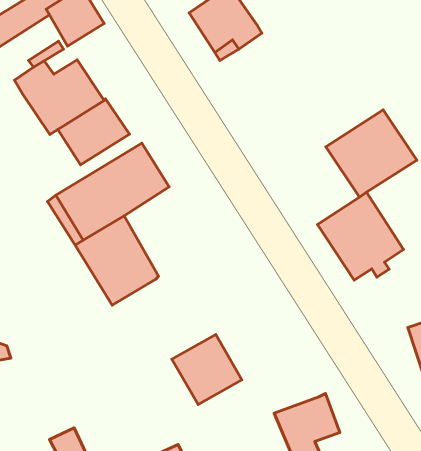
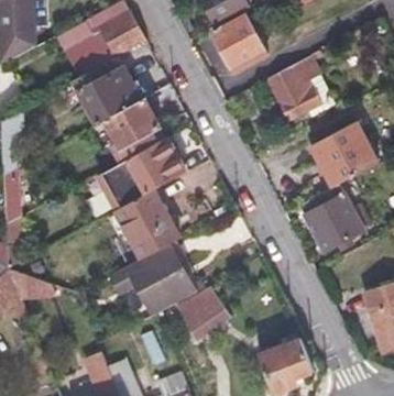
building: none -> [264,60,337,125]
building: none -> [112,242,206,315]

